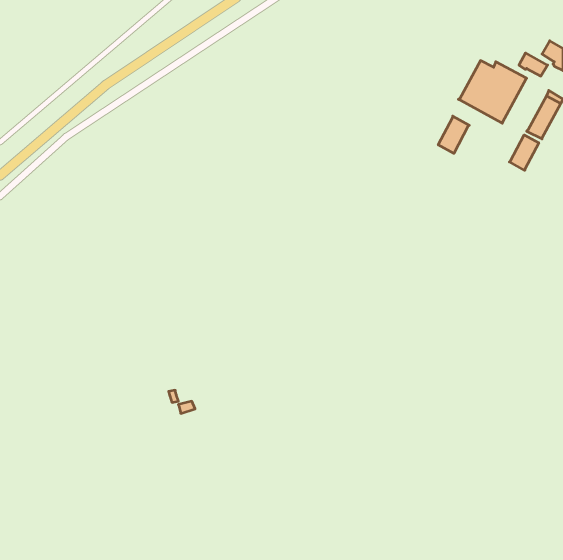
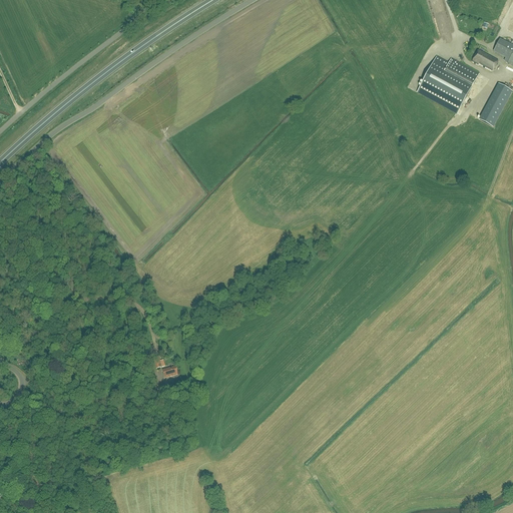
building: [438,116,469,153] -> none
building: [509,135,539,170] -> none

